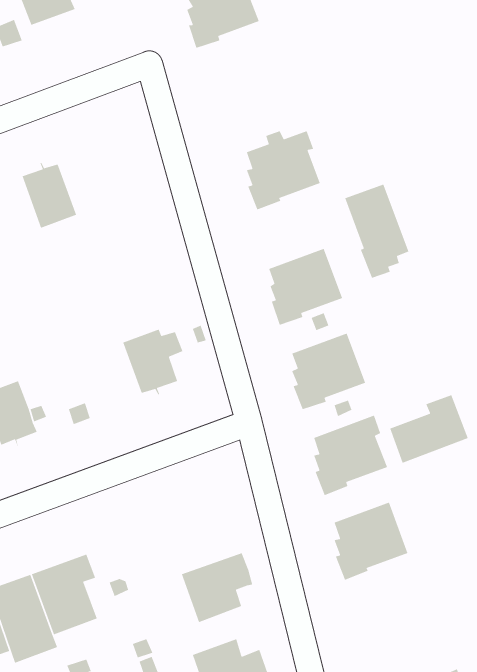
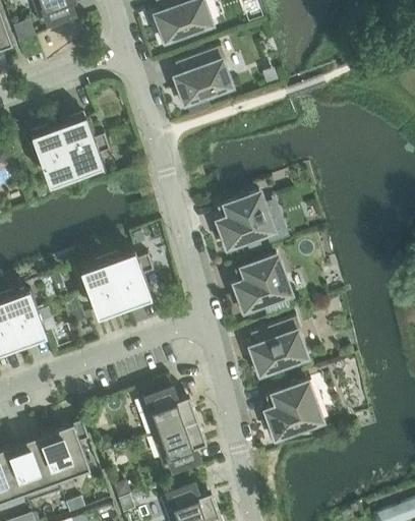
building: [246,130,321,211] -> [176,48,232,108]
building: none -> [61,120,111,169]
building: [344,183,409,279] -> none
building: none -> [82,264,123,312]
building: [388,394,469,468] -> none
building: none -> [139,389,198,437]

